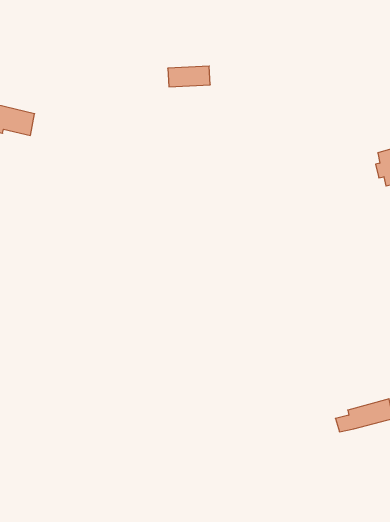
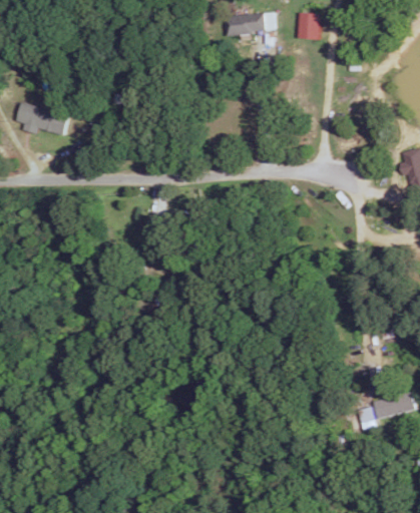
building: none -> [300,13,320,39]
building: [168,66,210,87] -> [227,13,268,33]

